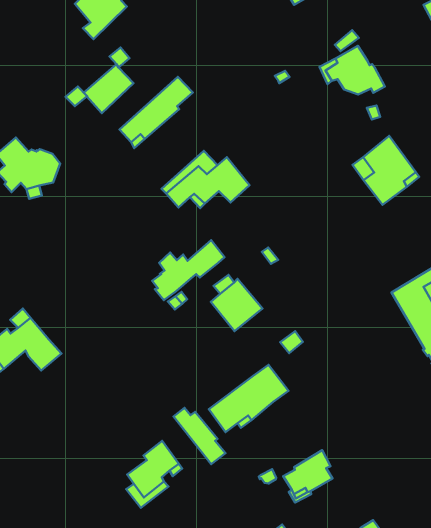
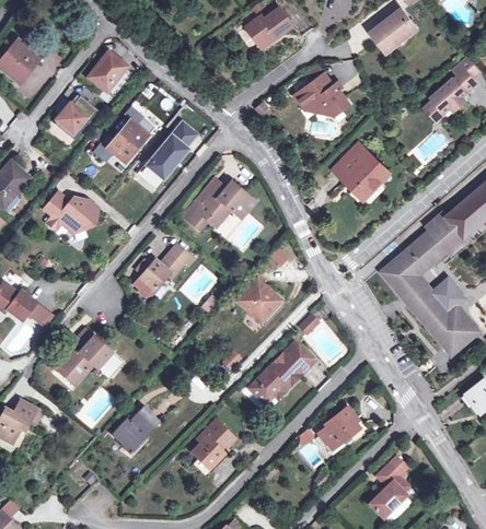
building: none -> [54,95,97,136]
building: [152,240,225,300] -> [134,244,189,298]
building: [174,408,225,464] -> none
building: none -> [112,407,158,450]

